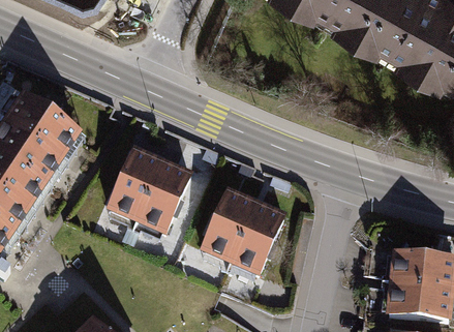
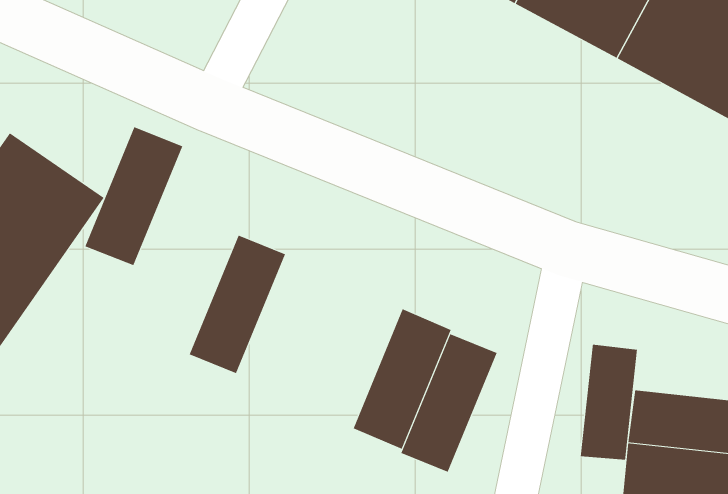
building: [100,146,158,228] -> [84,127,183,266]
building: [198,189,254,271] -> [401,333,497,473]
building: none -> [580,344,637,460]

